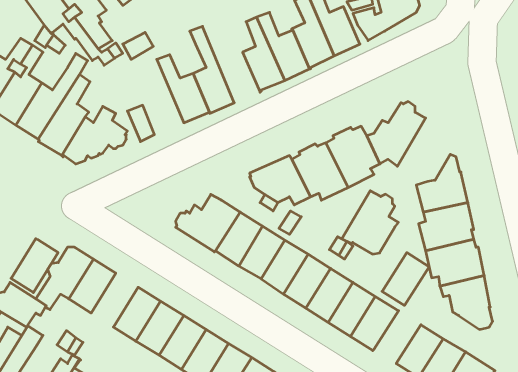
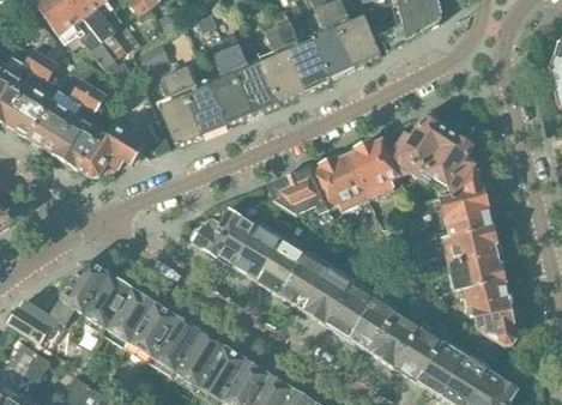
building: none -> [220,30,279,114]
building: none -> [159,69,201,145]
building: [342,191,398,254] -> [419,129,477,194]
building: [11,239,58,293] -> [107,288,155,343]
building: [382,253,429,305] -> [395,326,443,380]

